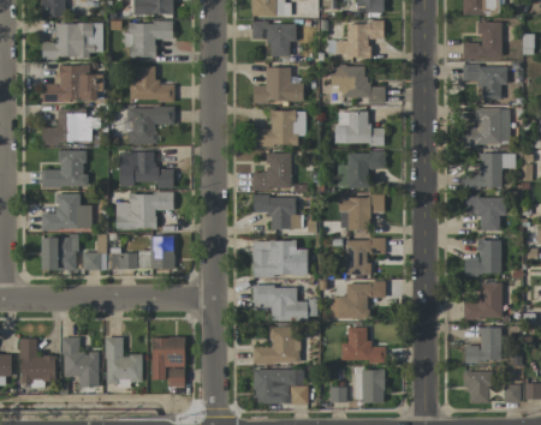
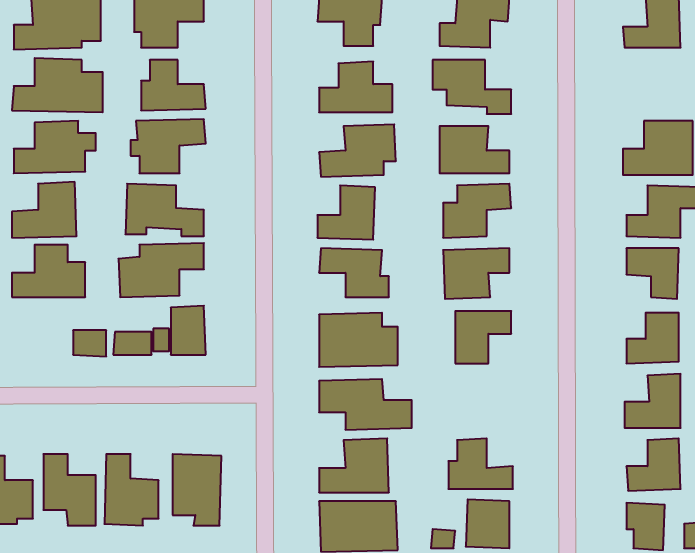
building: [462,66,506,100] -> none
building: [42,237,77,270] -> none
building: [329,282,385,318] -> none

